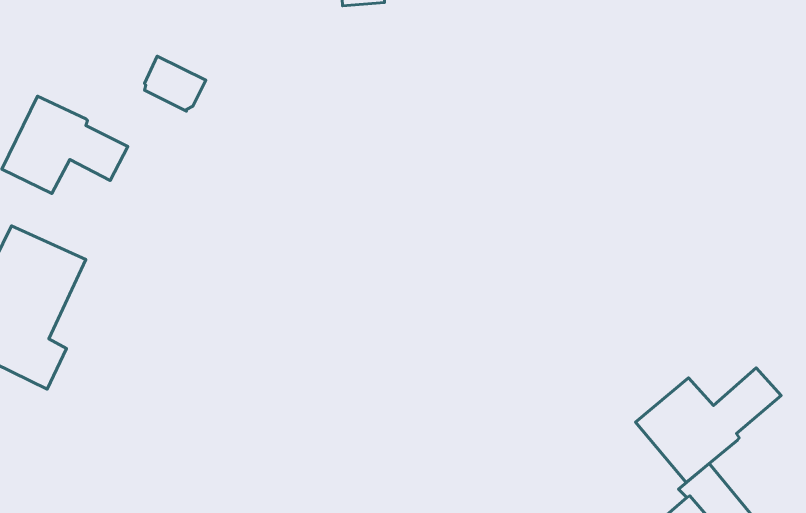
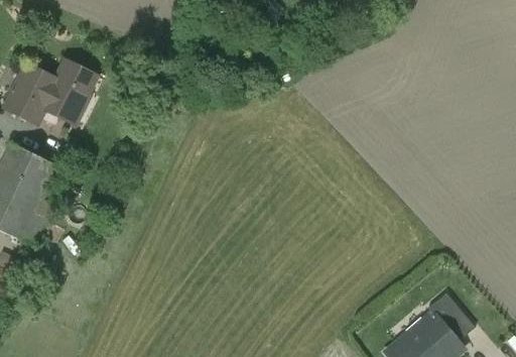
building: [144,56,206,111] -> [57,61,96,95]
building: [635,368,781,482] -> none

